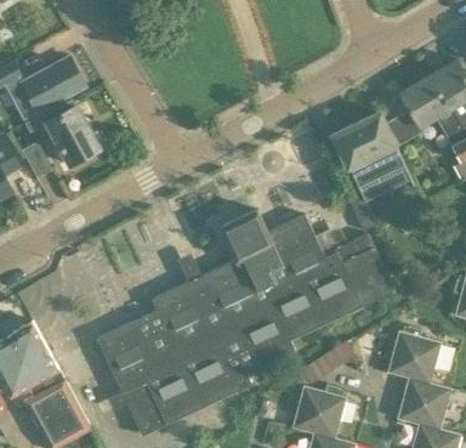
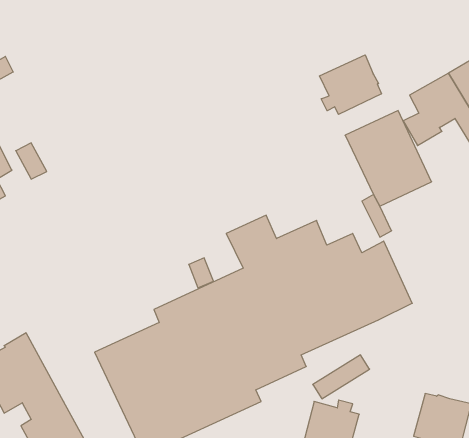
building: [13,56,86,120] -> none
building: none -> [320,55,381,114]
building: [42,101,102,166] -> none
building: [386,325,441,382] -> none

